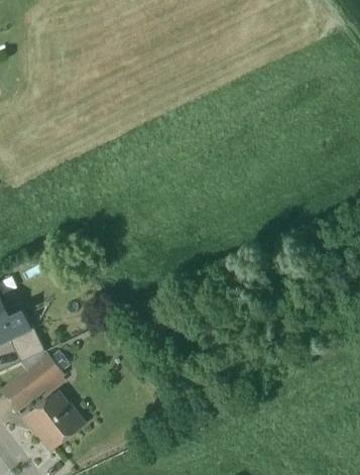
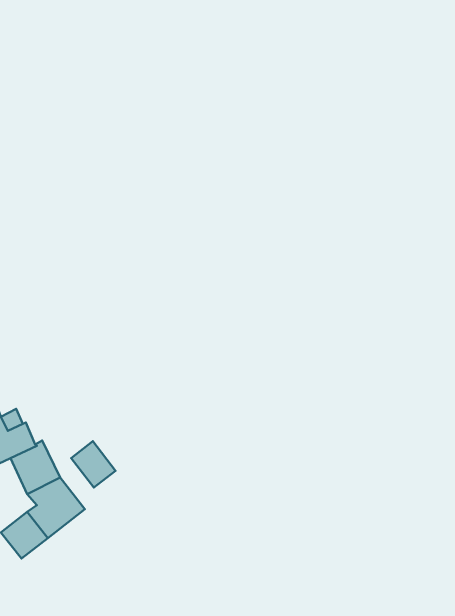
building: none -> [71,441,116,488]
building: [27,394,76,448] -> none

